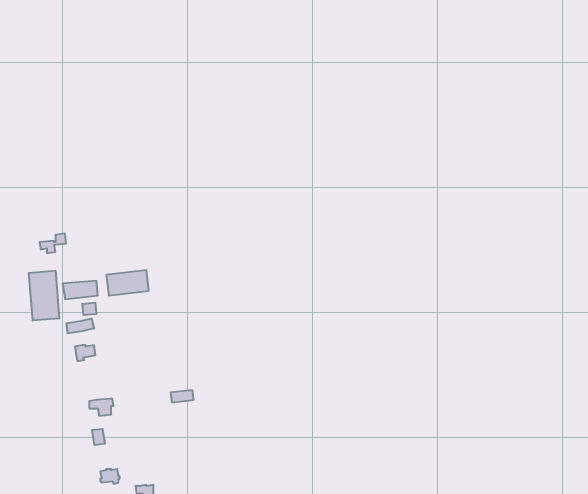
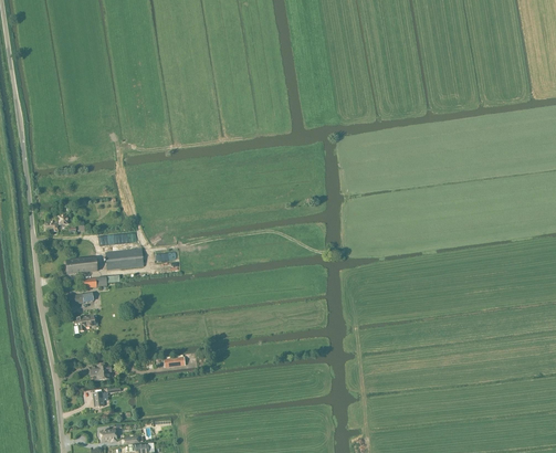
building: [29,271,59,321] -> none

